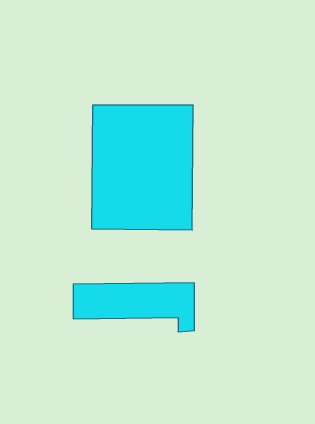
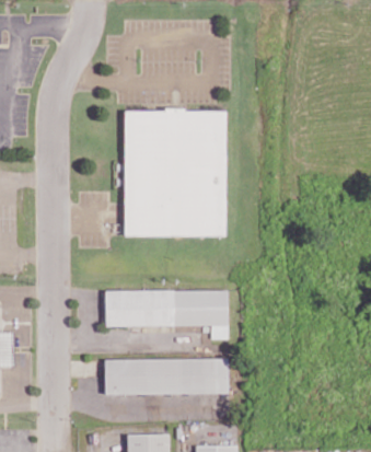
building: none -> [104,358,228,394]

